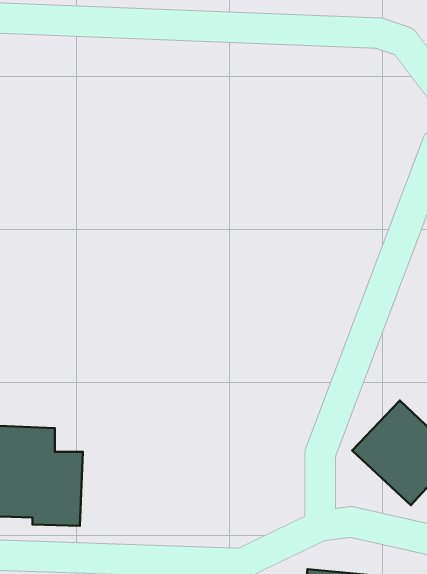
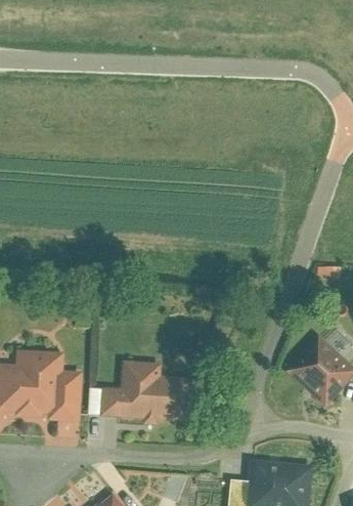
building: none -> [101,361,183,424]

